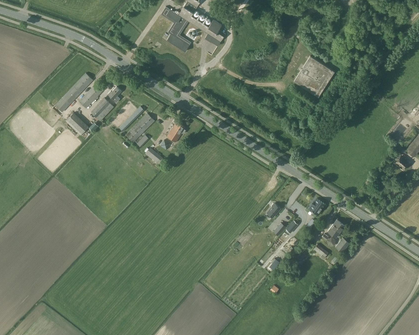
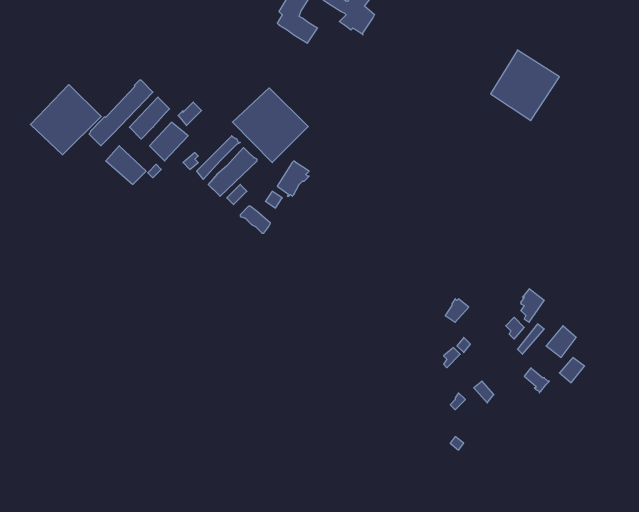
building: none -> [30,85,101,155]
building: none -> [232,88,308,163]

